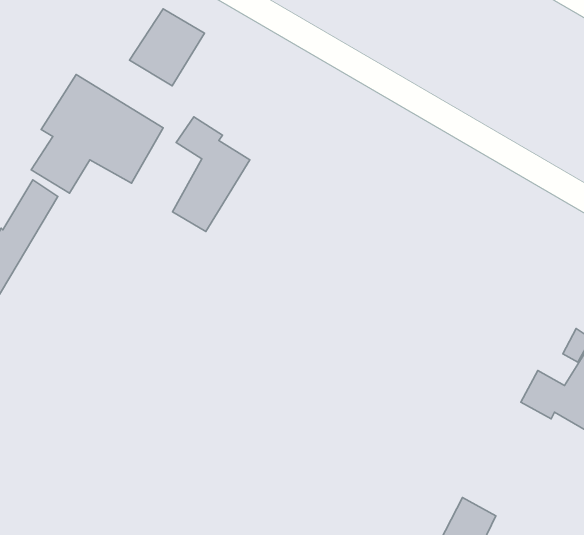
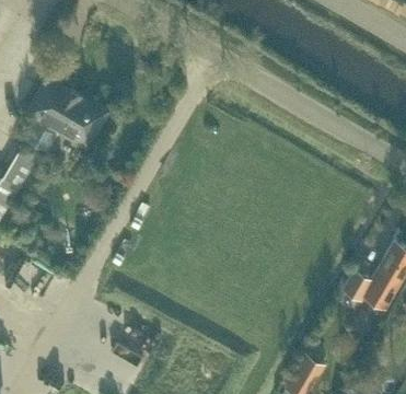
building: [129,9,205,86] -> none
building: [172,117,250,232] -> none

